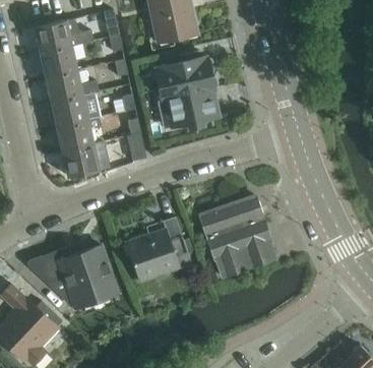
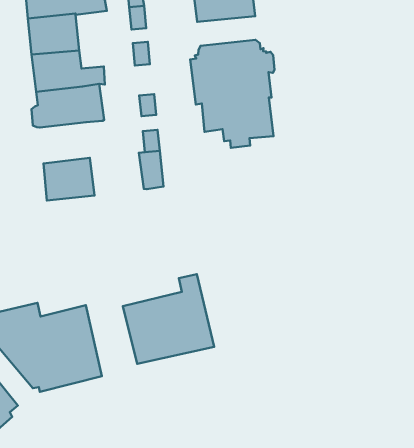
building: [56,118,101,151] -> none
building: [200,196,275,277] -> none

